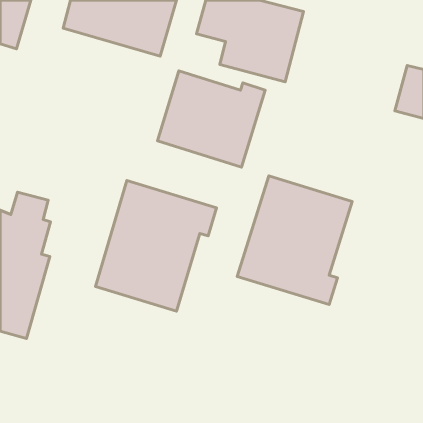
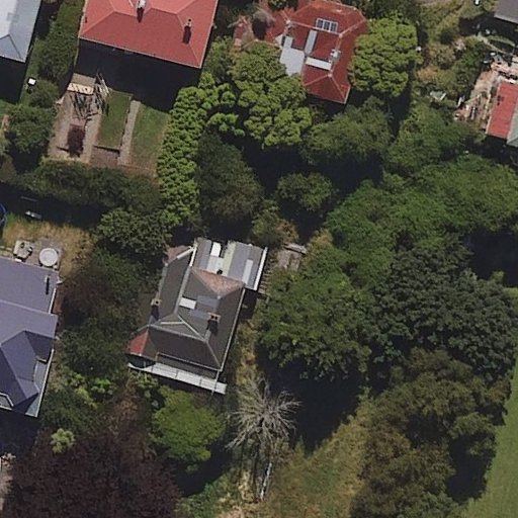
building: [158,71,265,167] -> none
building: [237,176,352,305] -> none

